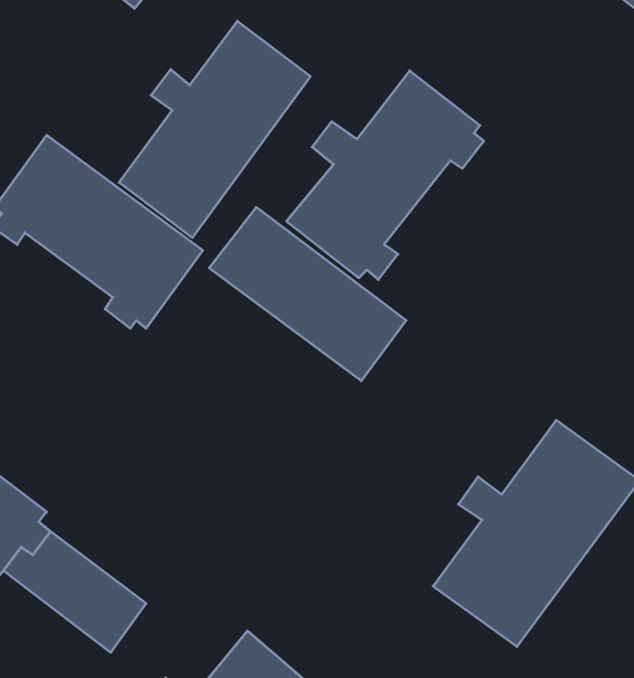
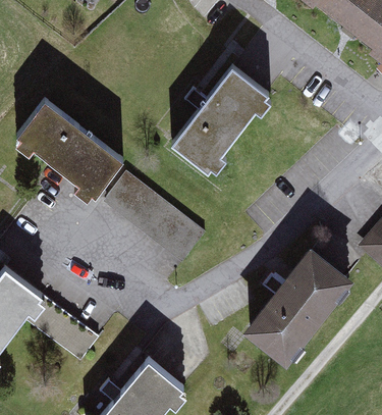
building: [119,21,310,238] -> none
building: [209,207,406,381] -> [100,176,203,267]

